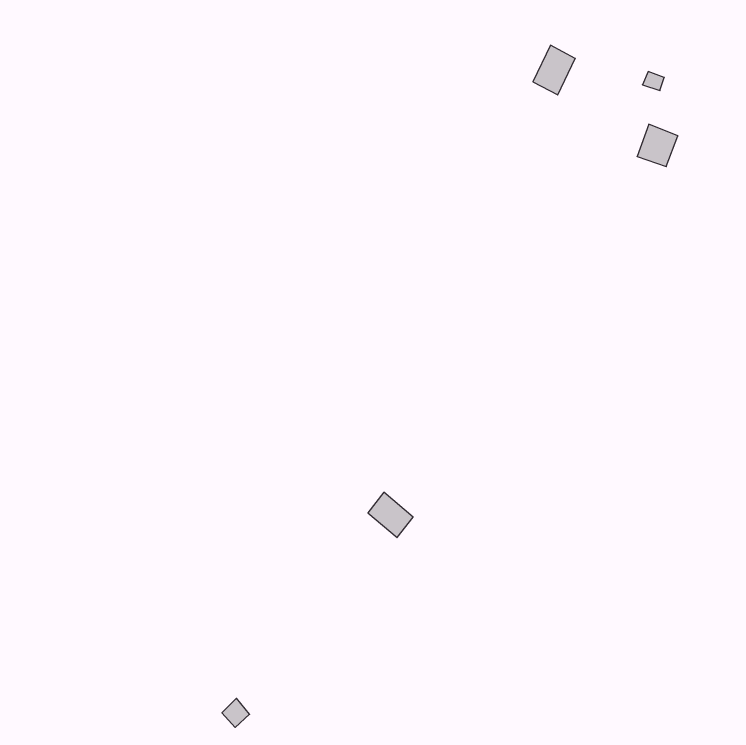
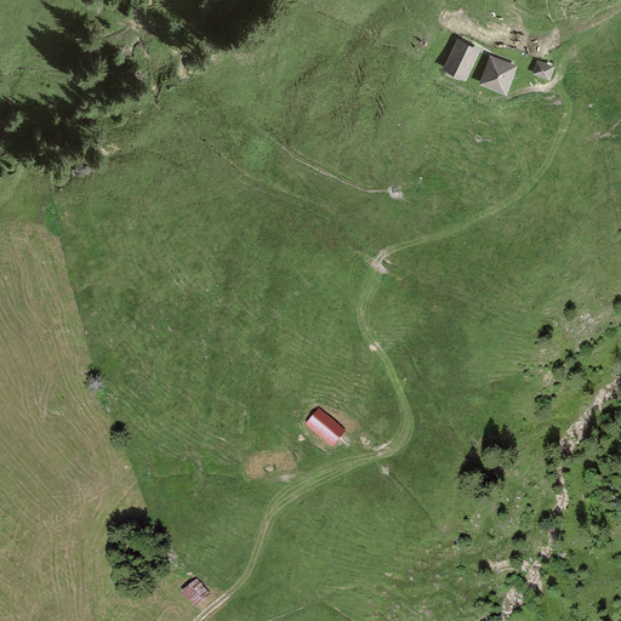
building: [637,124,678,167] -> [482,55,515,90]

